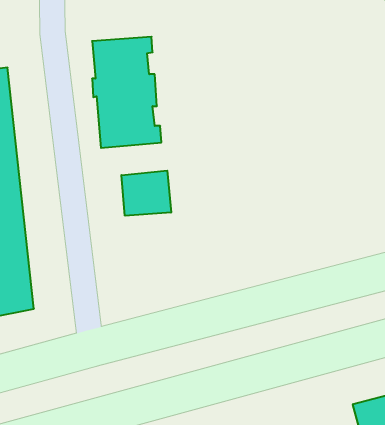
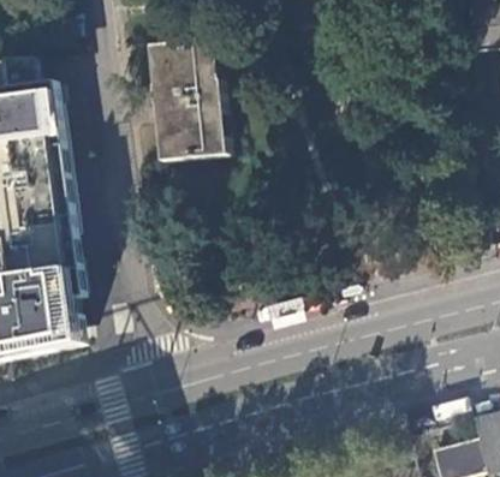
building: [121,171,171,216] -> none

